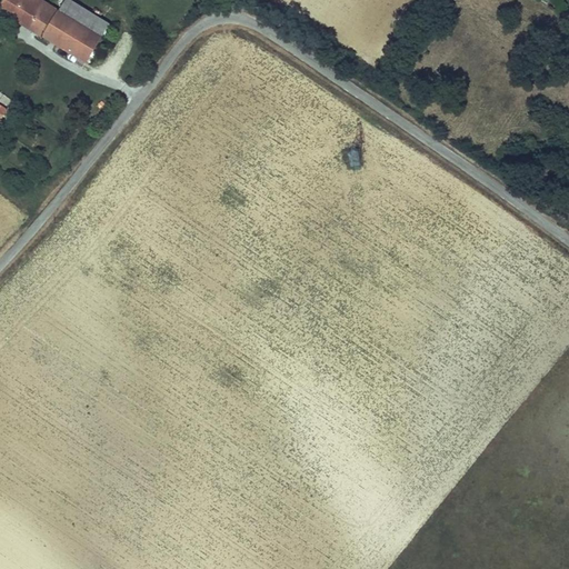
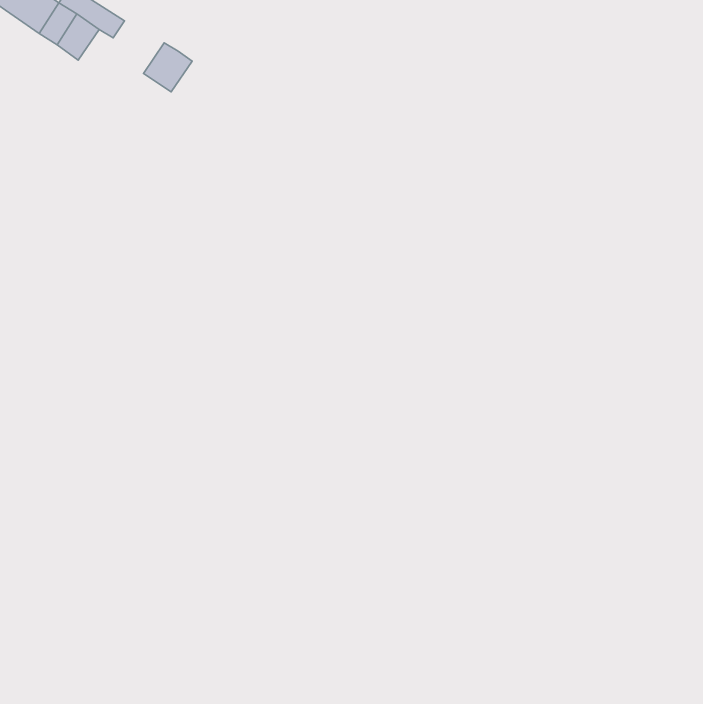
building: [62,23,101,62] -> [143,43,192,92]

